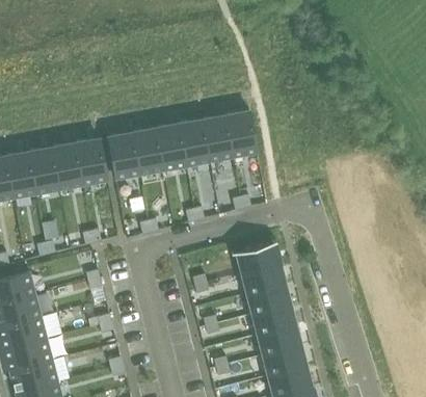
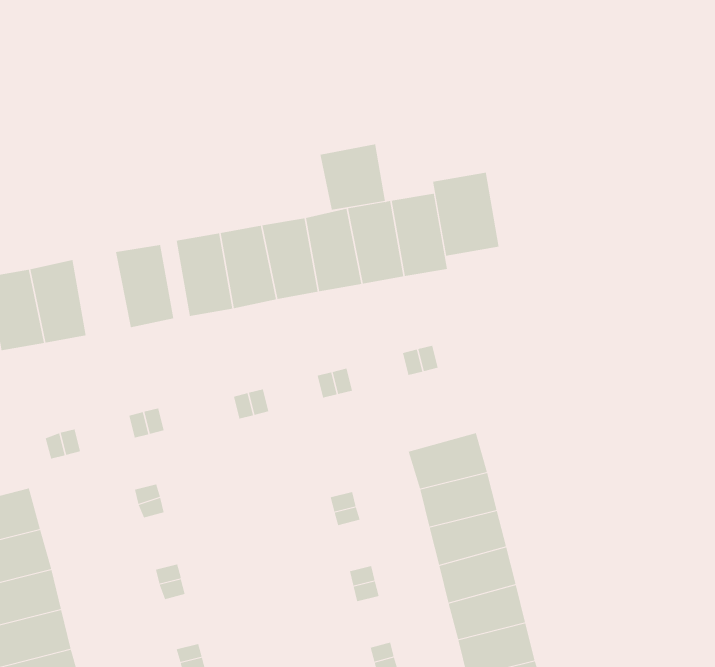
building: none -> [320,143,386,210]
building: none -> [433,172,499,257]
building: [52,143,83,189] -> none

